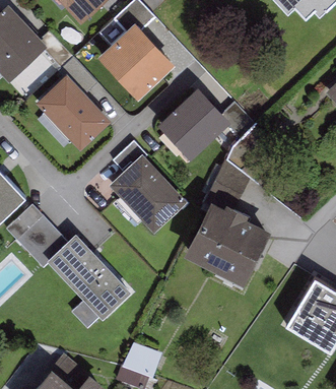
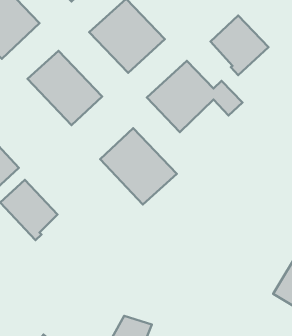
building: none -> [211,16,268,75]
building: [183,199,270,283] -> none
building: [47,235,131,332] -> none

